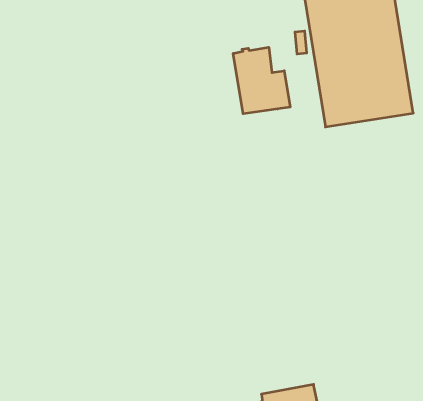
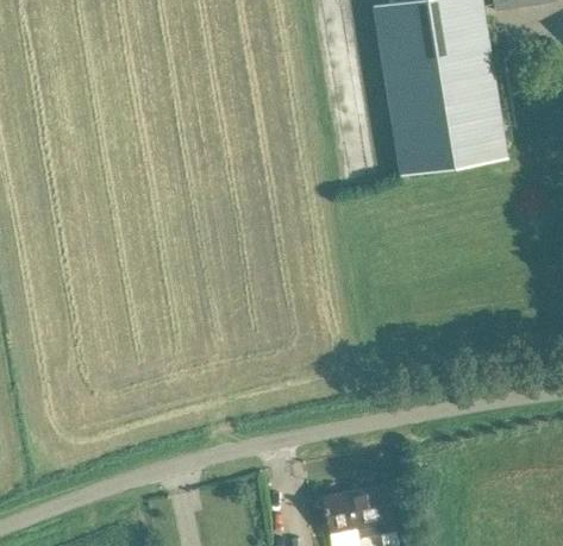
building: [233,47,290,114] -> none

